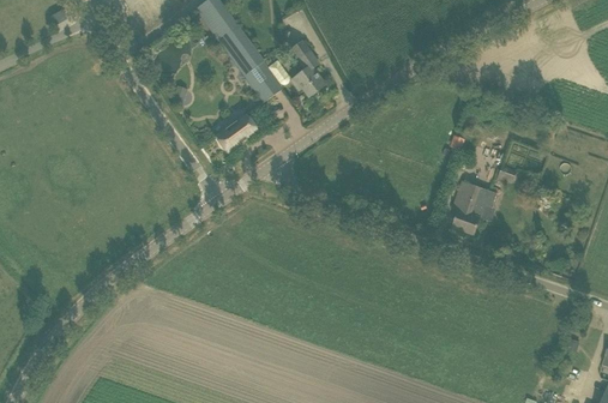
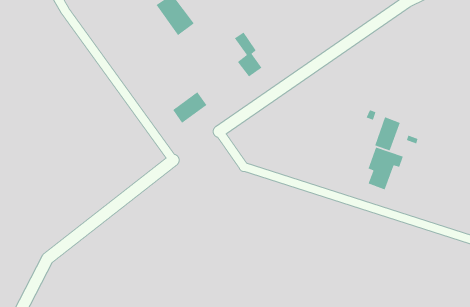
building: [222,30,290,101] -> none
building: none -> [374,116,401,151]

